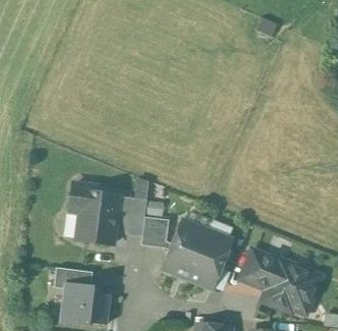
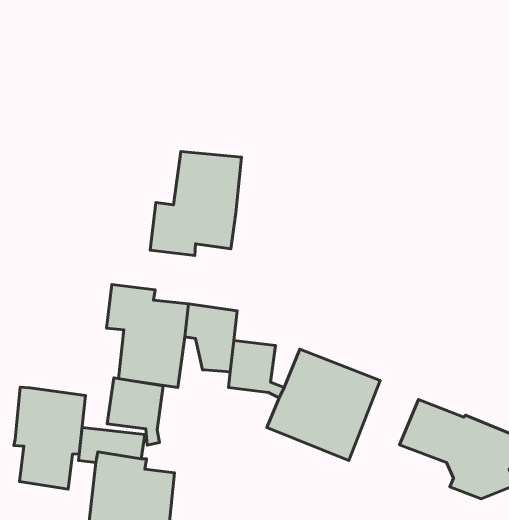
building: none -> [150,152,242,256]
building: none -> [107,378,163,445]
building: none -> [14,387,85,489]

